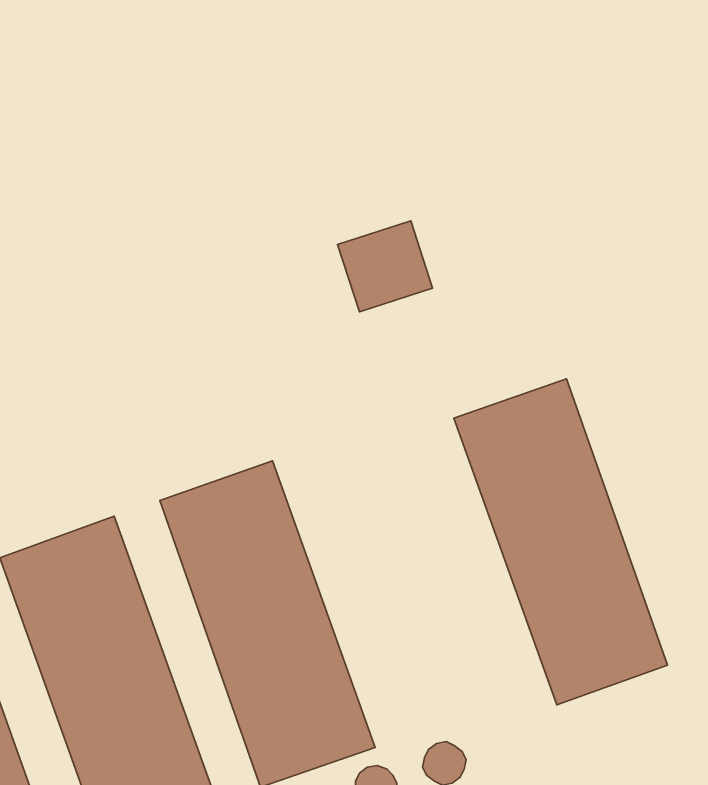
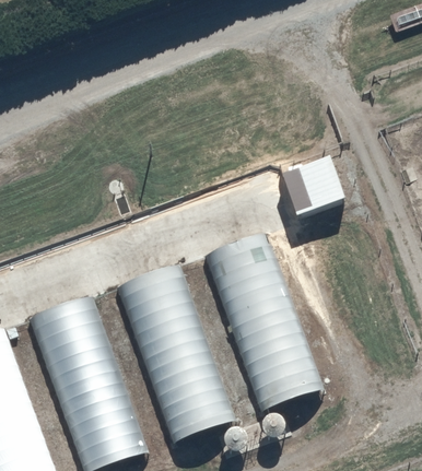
building: [338,221,433,312] -> [286,154,339,204]
building: [454,379,667,705] -> [204,229,323,410]

